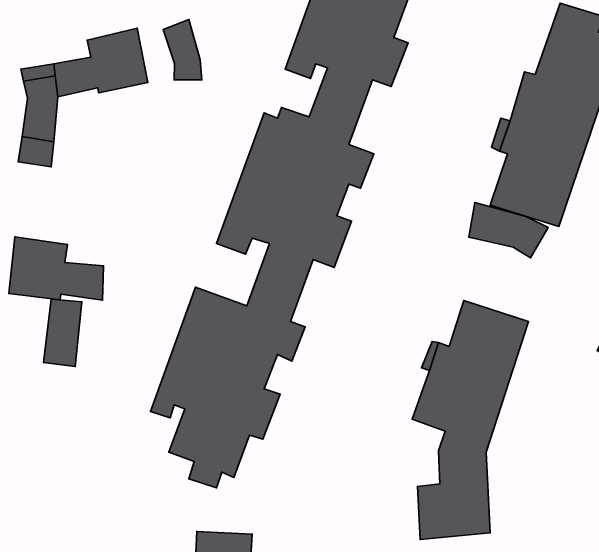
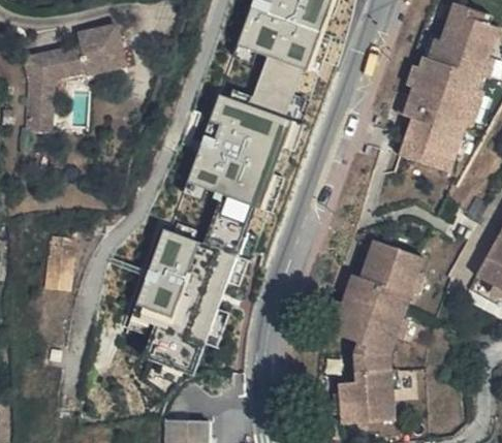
building: [163,19,202,80] -> none
building: [469,202,548,258] -> none
building: [9,237,103,300] -> none

